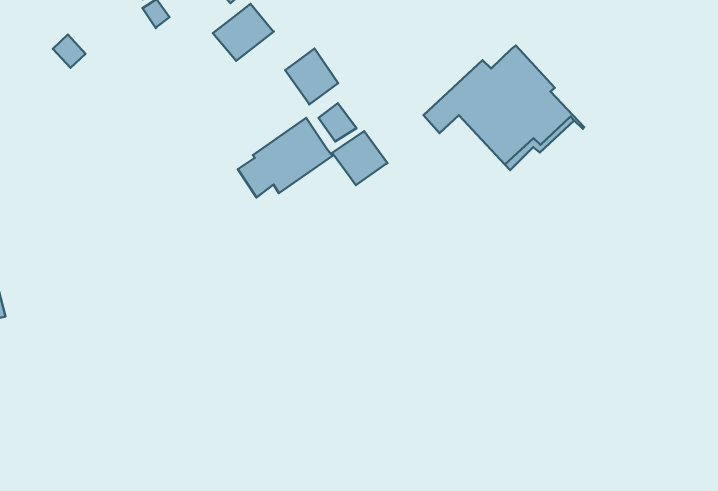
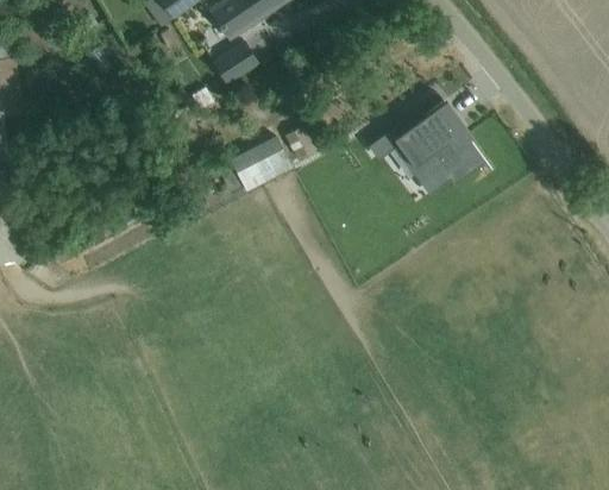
building: [285,49,338,105] -> none
building: [332,131,388,185] -> none

